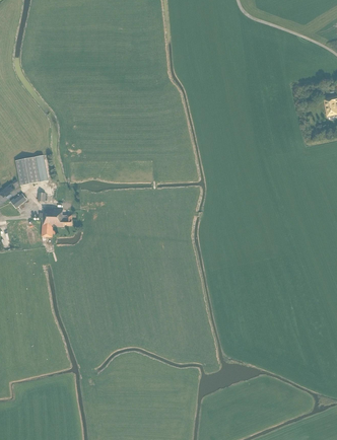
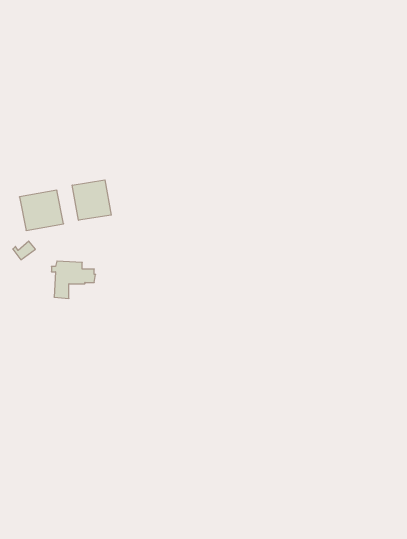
building: none -> [72,180,111,220]

